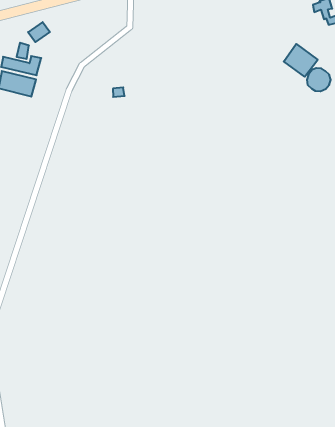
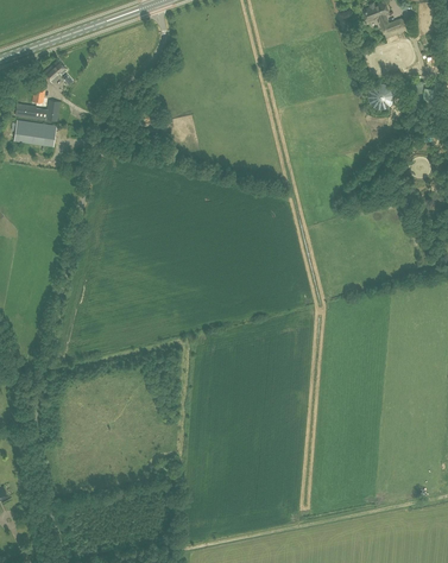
building: [284,44,318,77] -> none

